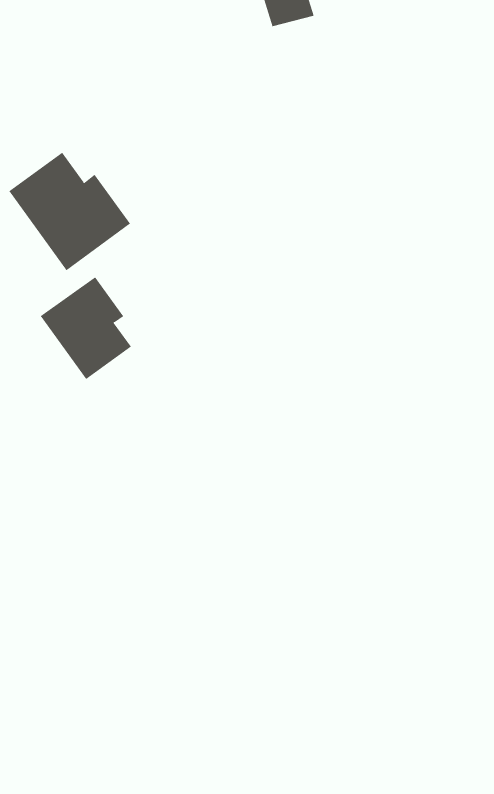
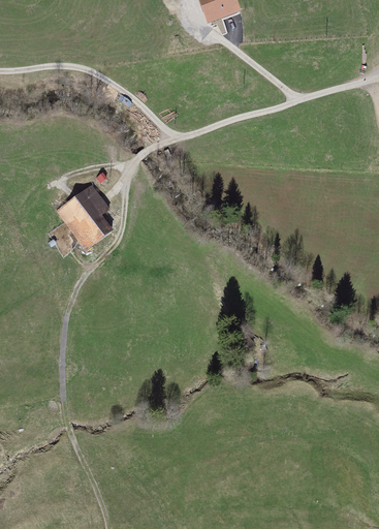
building: [9,152,131,271] -> none

